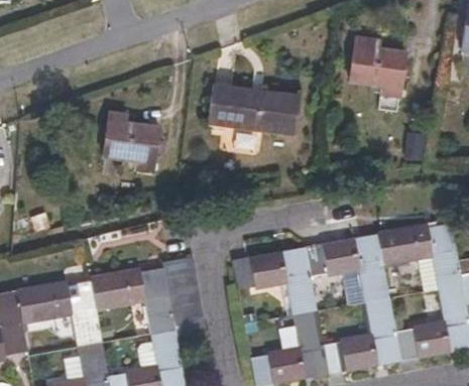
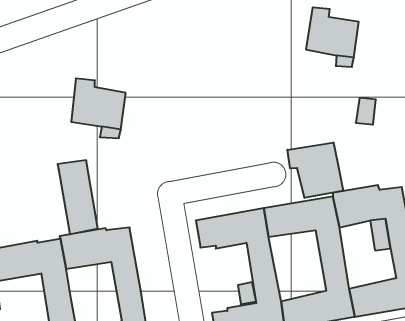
building: [206,84,299,134] -> none
building: none -> [287,142,343,198]
building: [163,258,206,336] -> [58,160,98,234]

